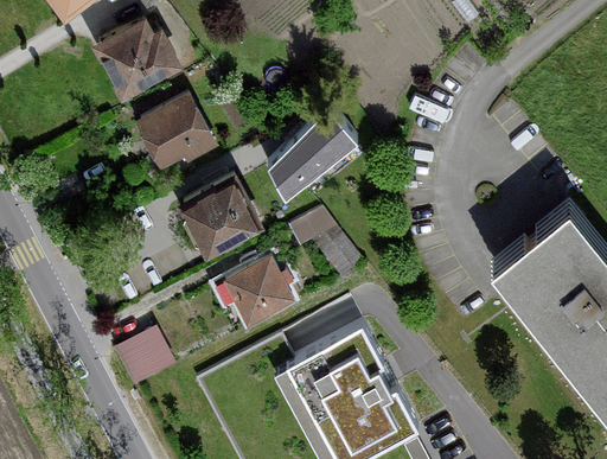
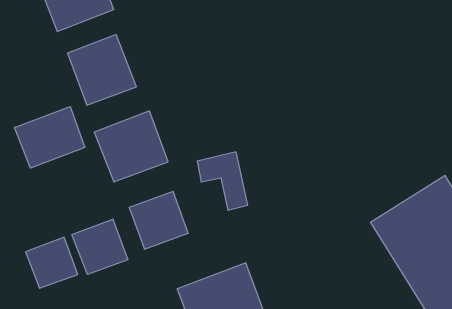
building: [268,109,356,199] -> none
building: none -> [15,107,85,168]
building: none -> [72,219,128,274]

